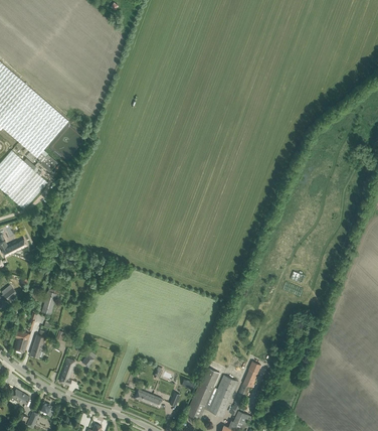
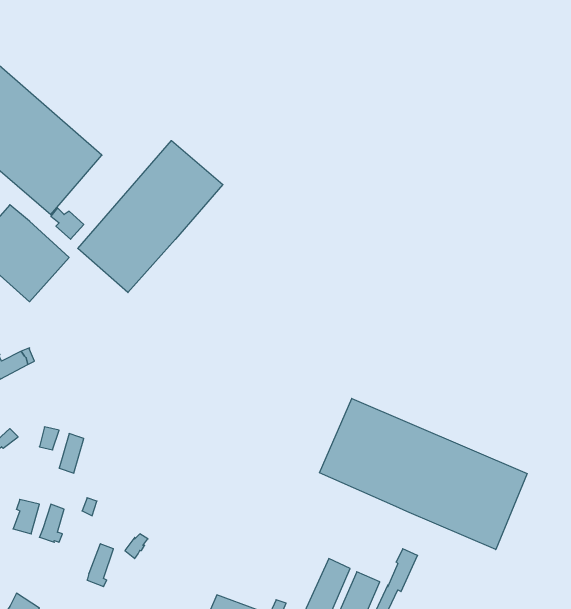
building: none -> [78,141,223,293]
building: none -> [319,398,527,550]

